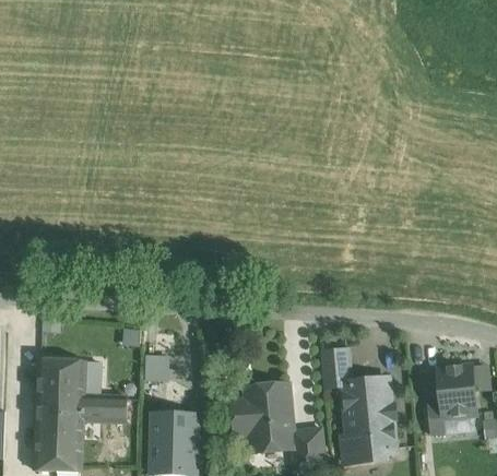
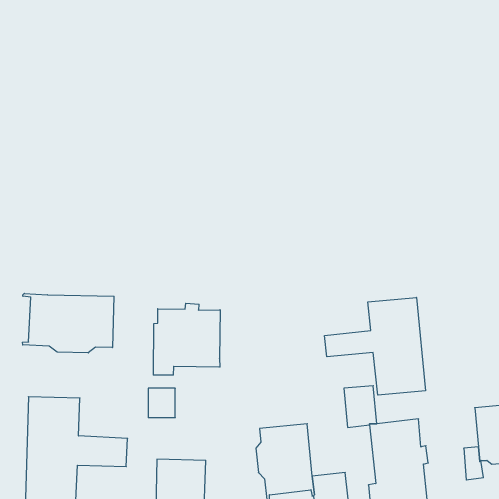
building: none -> [22,293,114,353]
building: none -> [325,297,425,395]
building: none -> [153,303,220,375]

